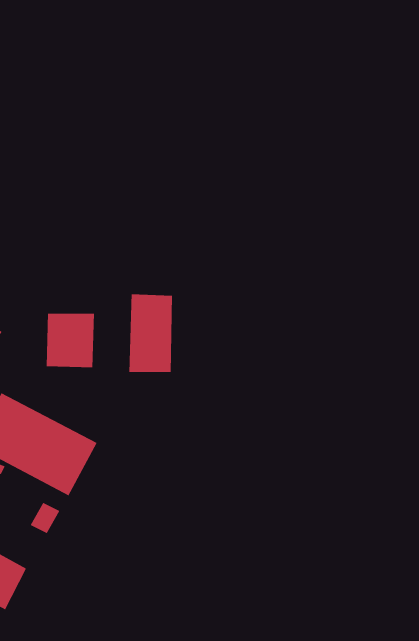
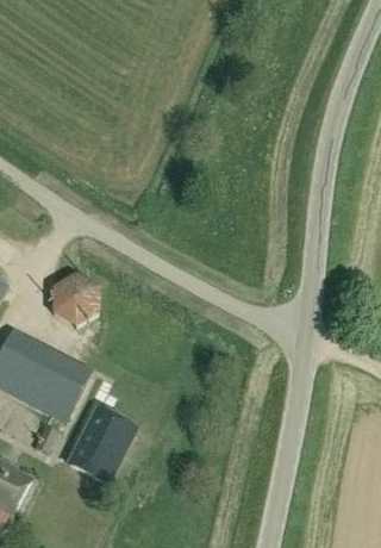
building: [129,293,173,373] -> none
building: none -> [69,406,137,481]

